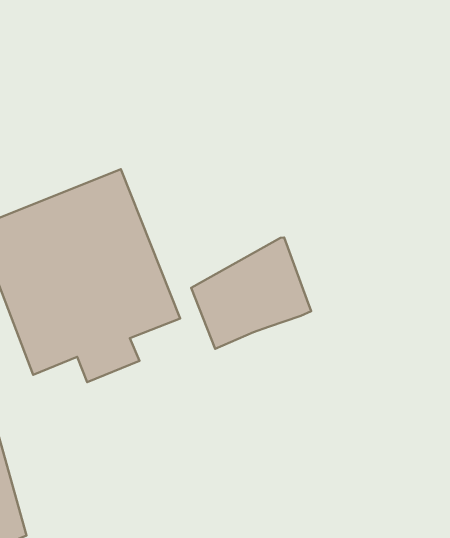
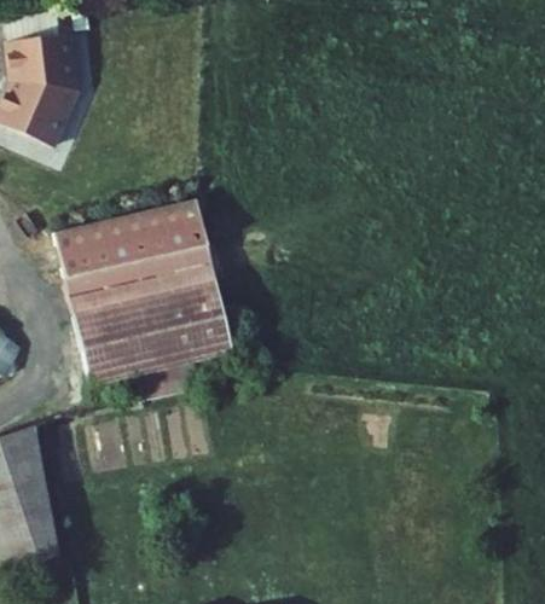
building: [191,238,311,349] -> none

